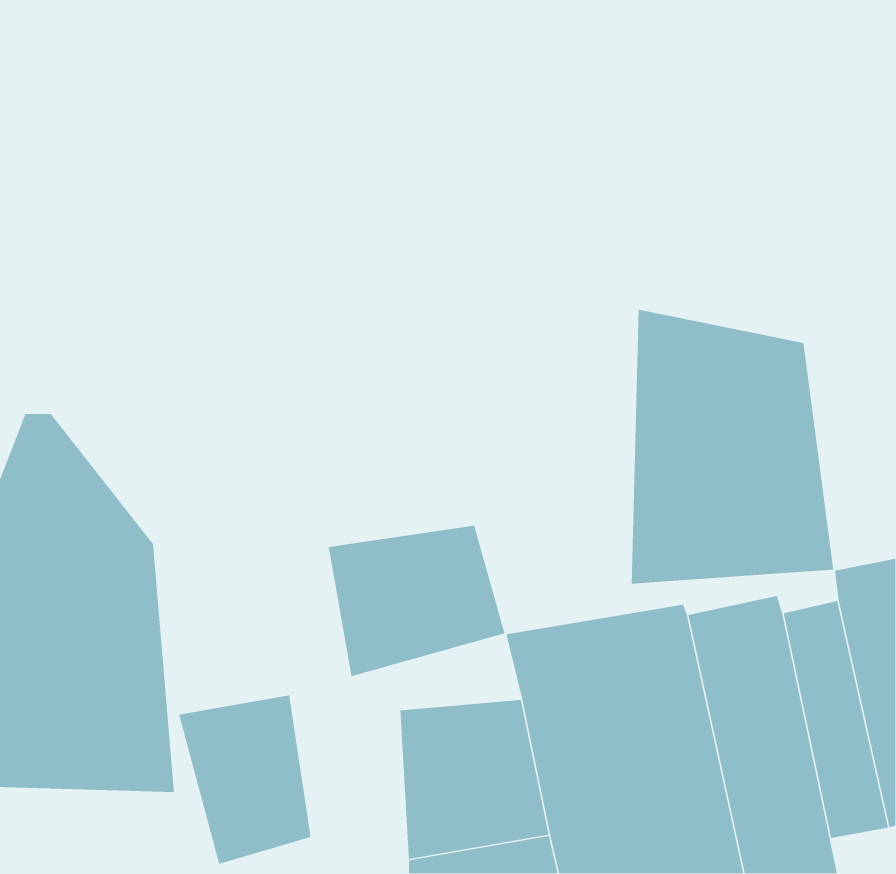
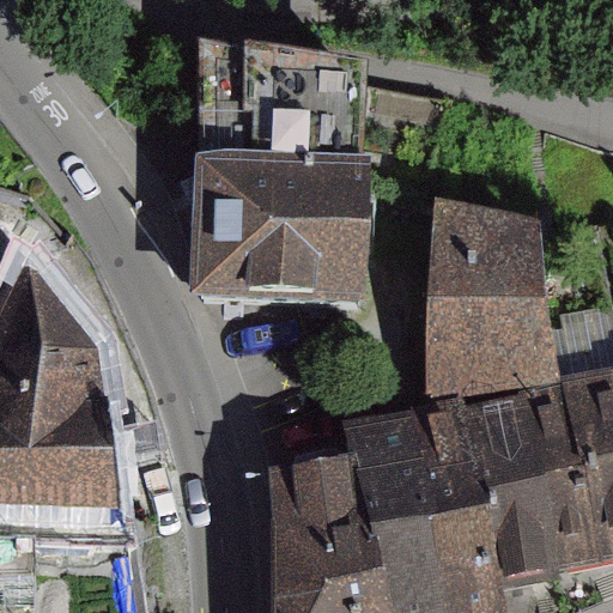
building: none -> [190,166,368,311]
building: [328,525,505,677] -> none
building: [178,695,311,865] -> none

